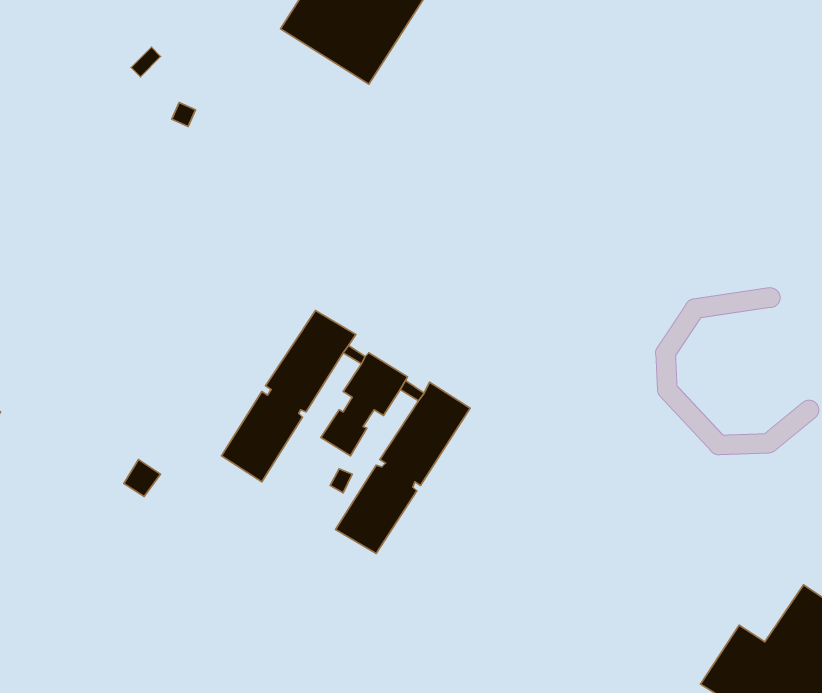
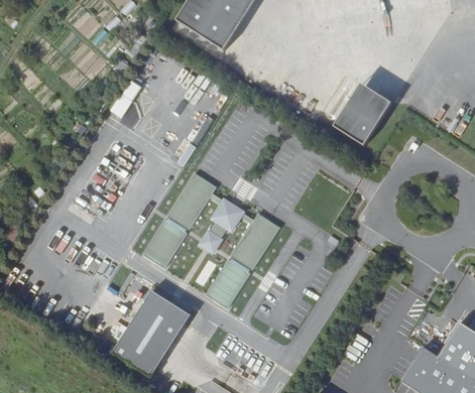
building: none -> [334,84,392,147]
building: none -> [111,289,190,377]

